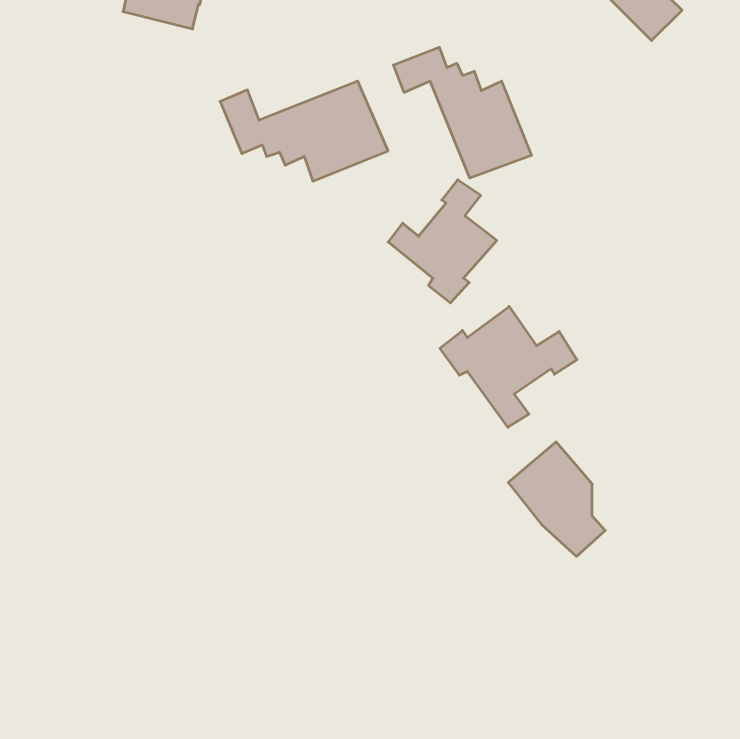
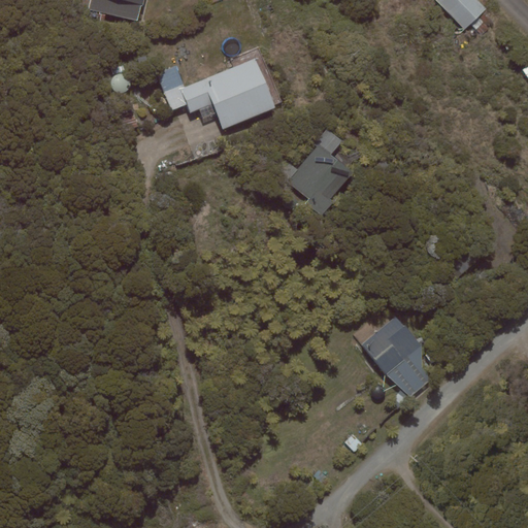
building: [393,47,532,178] -> none
building: [440,306,577,427] -> none

